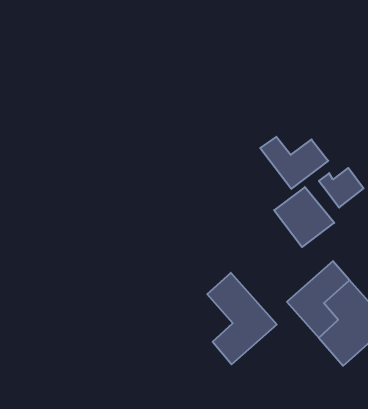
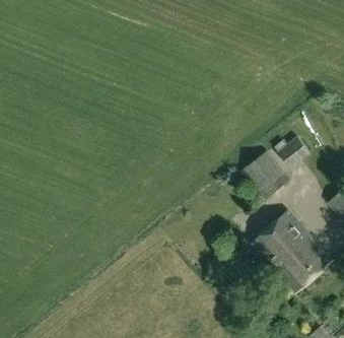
building: [260,137,328,189] -> none
building: [207,273,277,364] -> none

